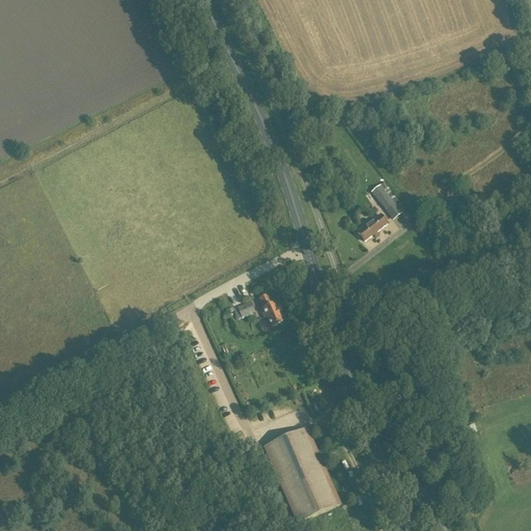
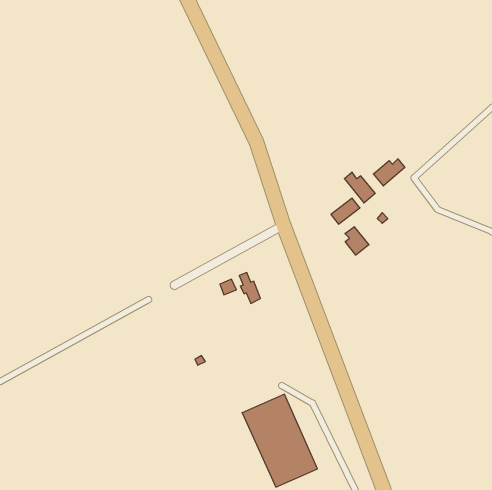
building: none -> [373,159,405,186]
building: none -> [345,227,369,255]

